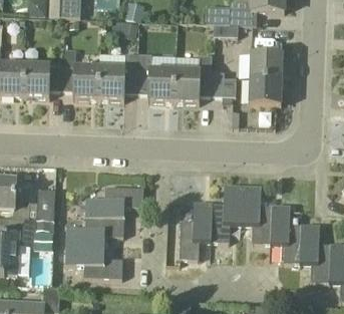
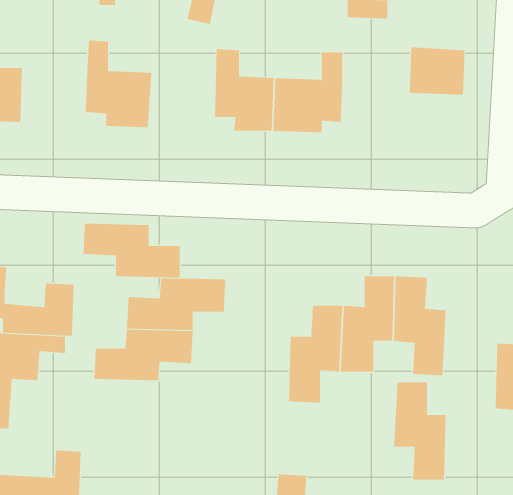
building: [98,52,137,99] -> none
building: [24,63,62,96] -> none
building: [211,71,236,96] -> none
building: [249,78,282,104] -> none
building: [270,205,301,262] -> [393,382,447,480]
building: [65,245,122,277] -> [82,223,181,278]

